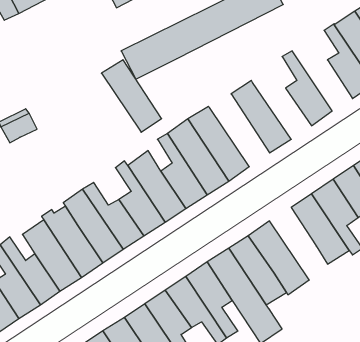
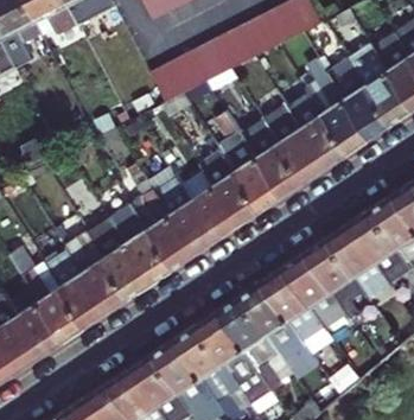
building: none -> [331,59,394,136]
building: [101,60,162,132] -> [244,119,307,195]
building: none -> [289,93,351,166]
building: none -> [307,237,361,316]

